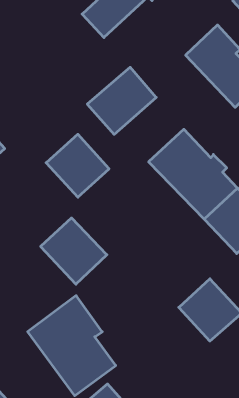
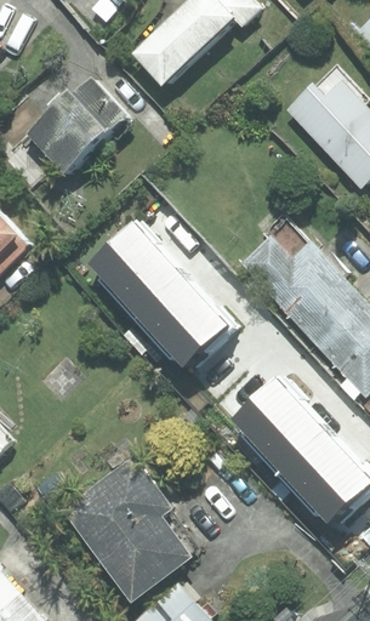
building: [87,67,156,134] -> [29,75,129,172]
building: [41,218,107,284] -> [135,273,230,369]
building: none -> [230,380,325,473]

